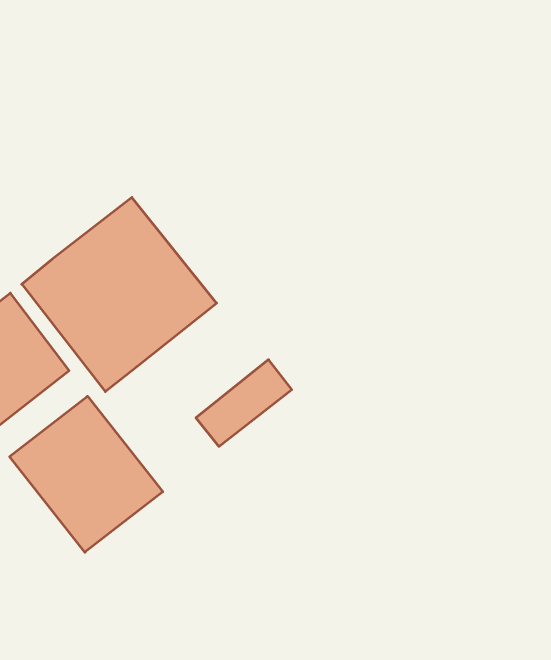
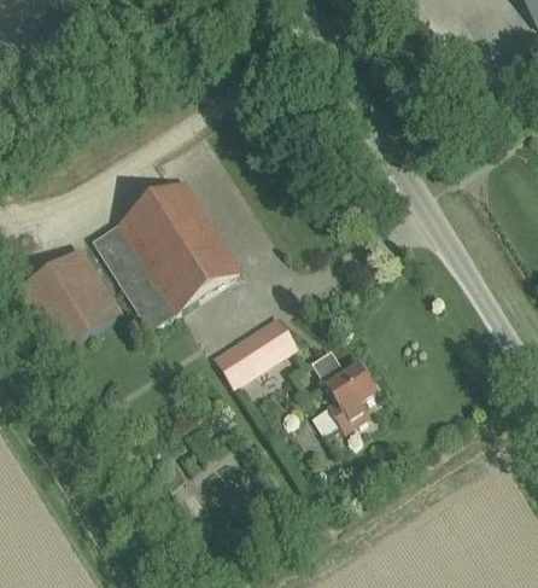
building: none -> [310,351,376,431]
building: [10,396,163,552] -> none

